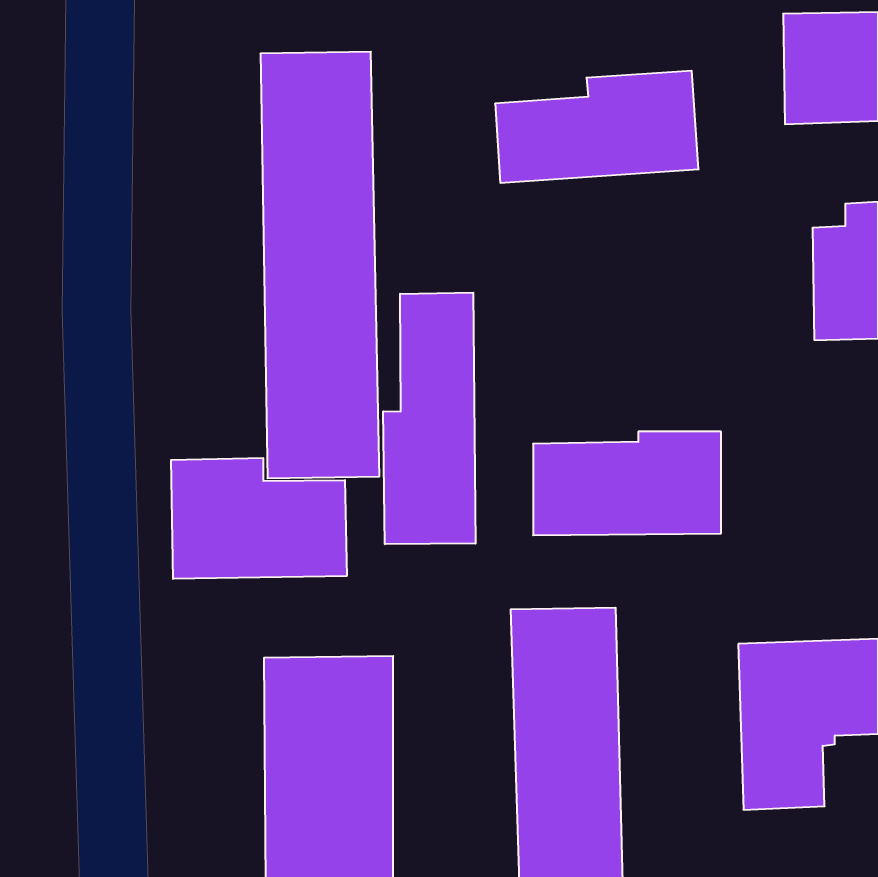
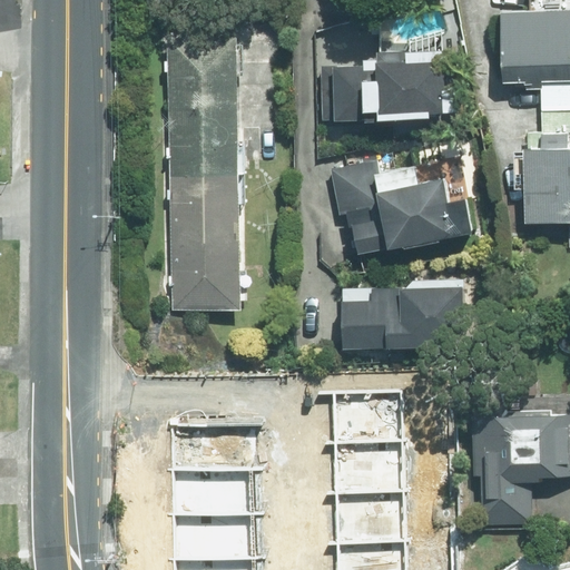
building: none -> [332,160,478,255]
building: [383,293,476,544] -> none
building: [171,458,347,579] -> none

